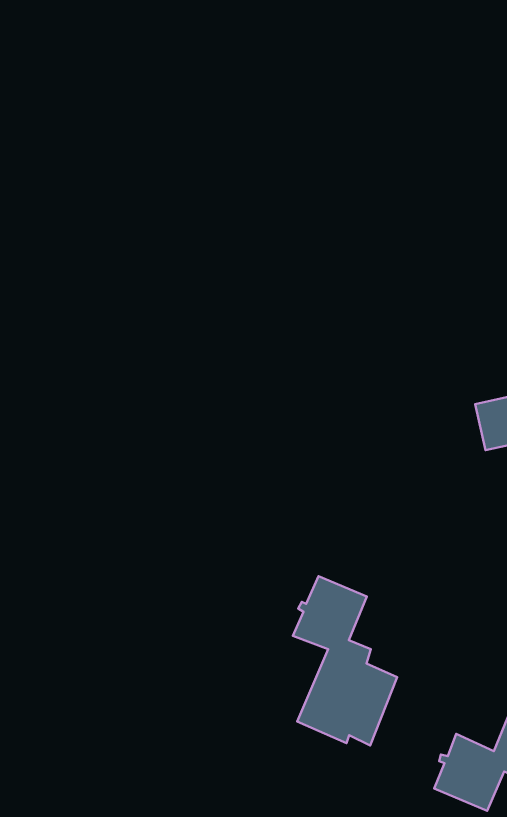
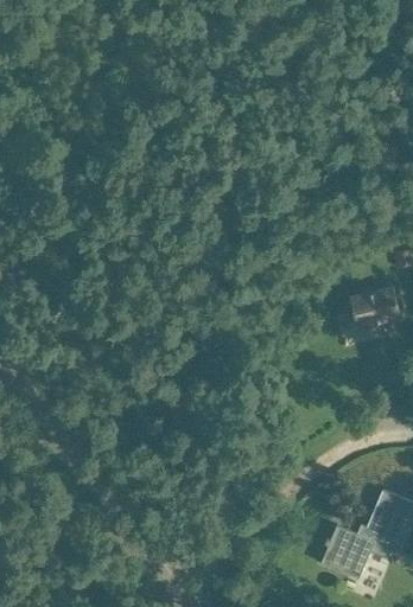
building: [293,576,397,746] -> none

